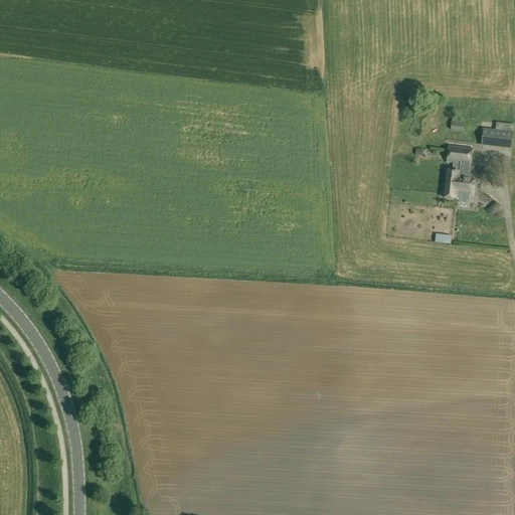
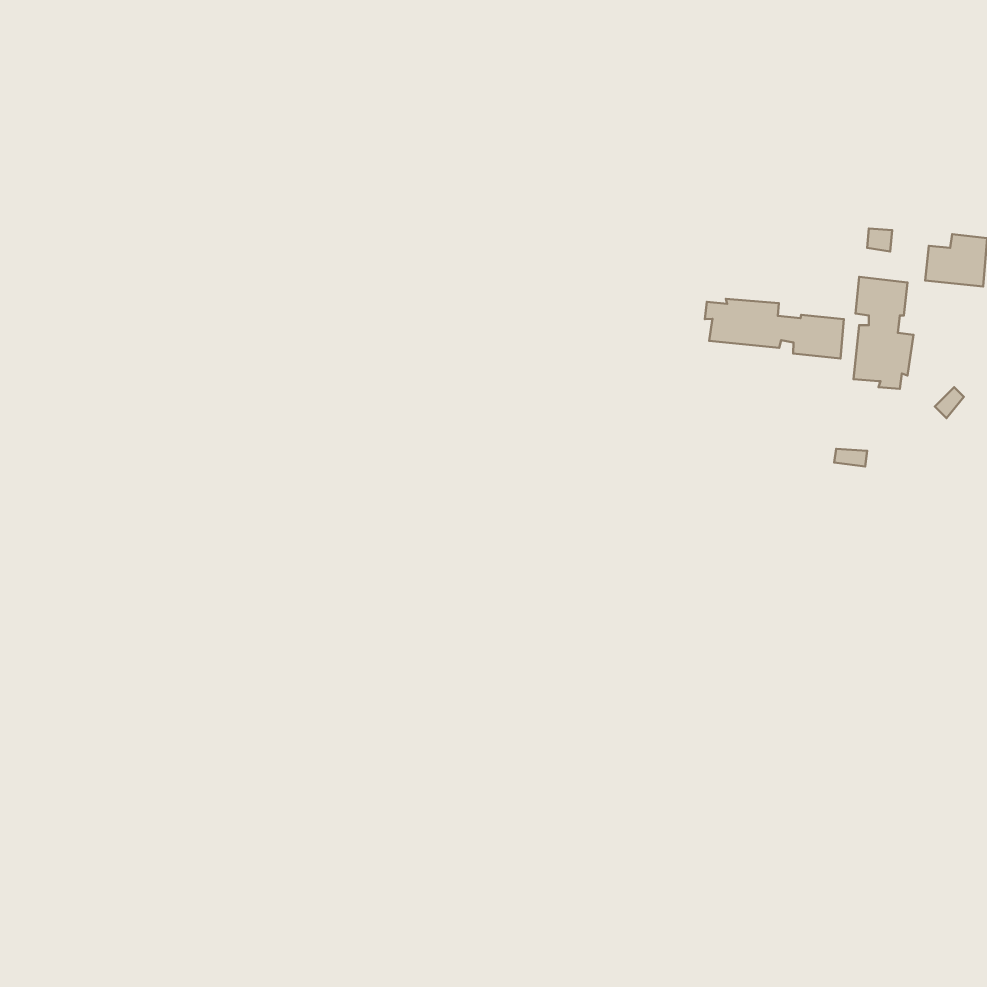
building: none -> [705,299,844,359]

